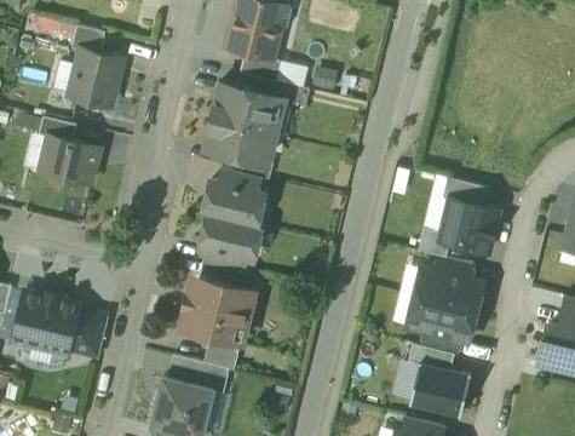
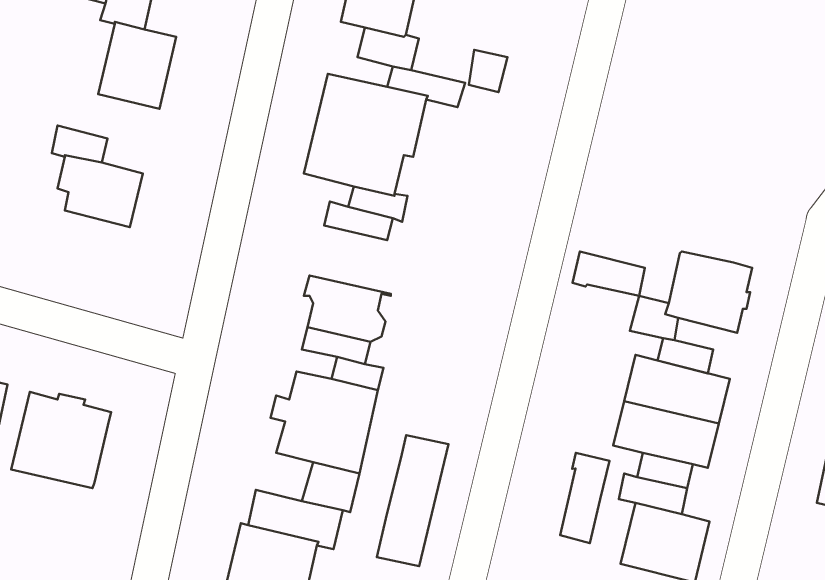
building: [441,177,488,206] -> [572,251,645,296]
building: [202,182,261,225] -> none
building: [67,309,108,357] -> none
building: none -> [377,435,448,566]
building: none -> [560,453,609,543]

